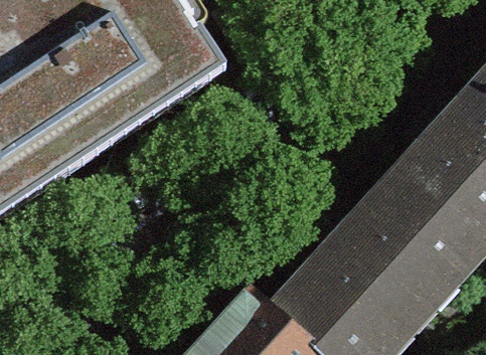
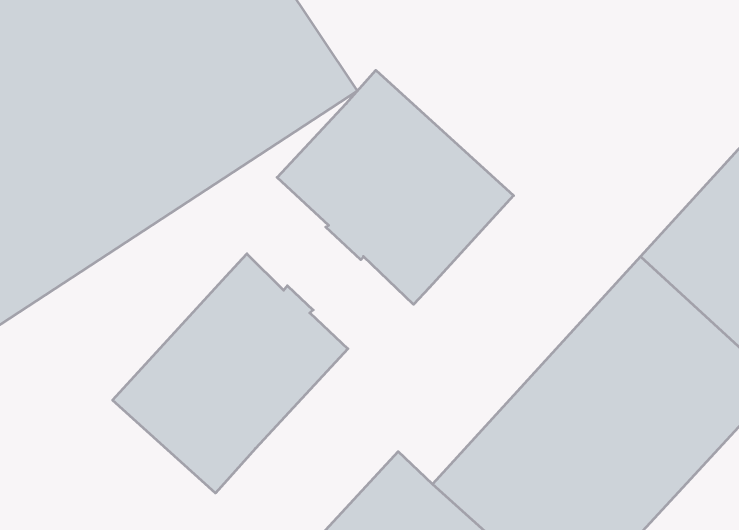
building: none -> [277,70,514,304]
building: none -> [113,254,348,493]

